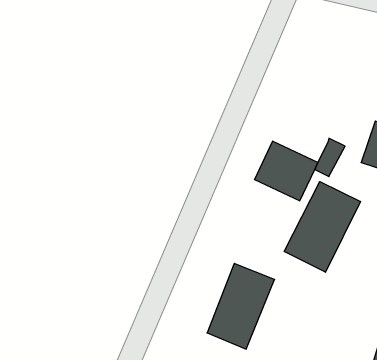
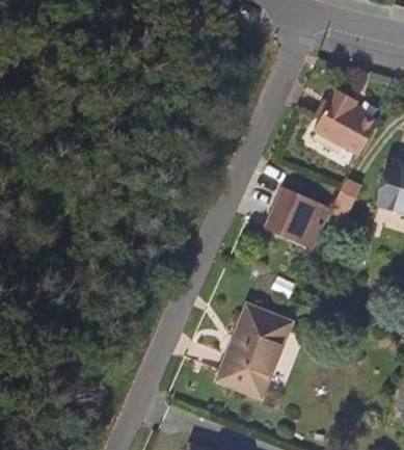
building: none -> [314,95,375,155]
building: [284,182,360,272] -> none

